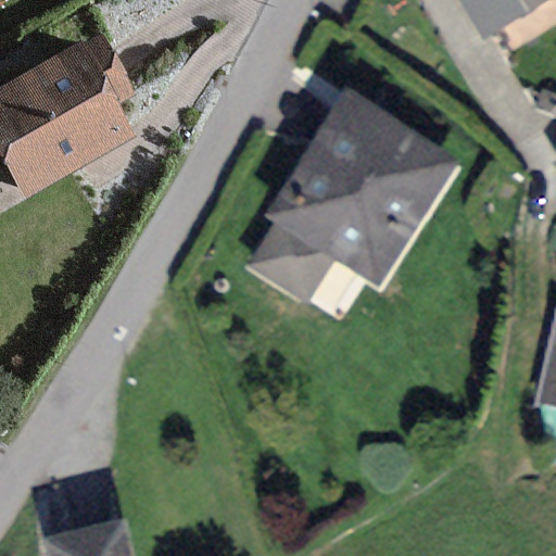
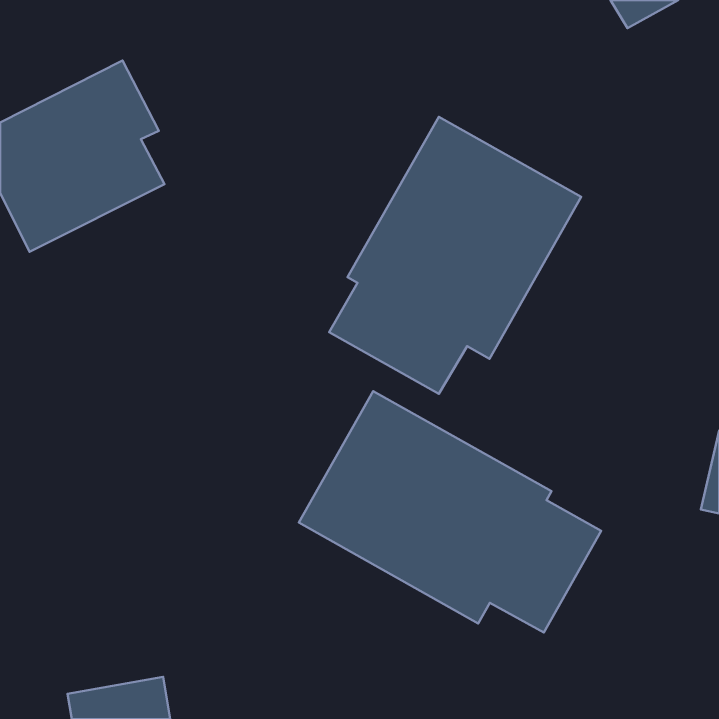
building: none -> [299,391,601,632]

